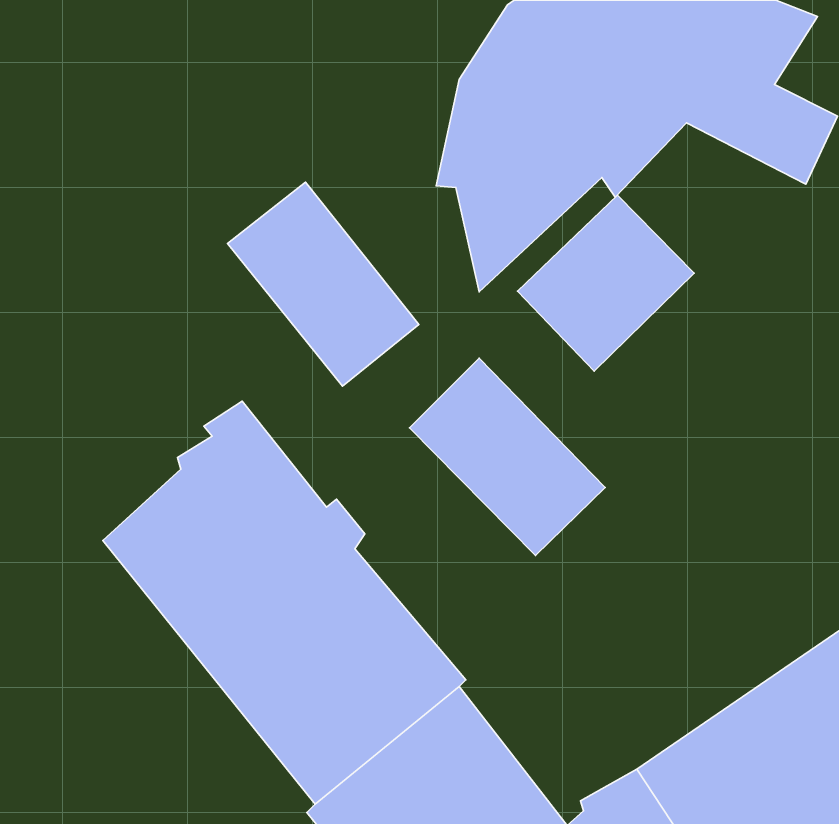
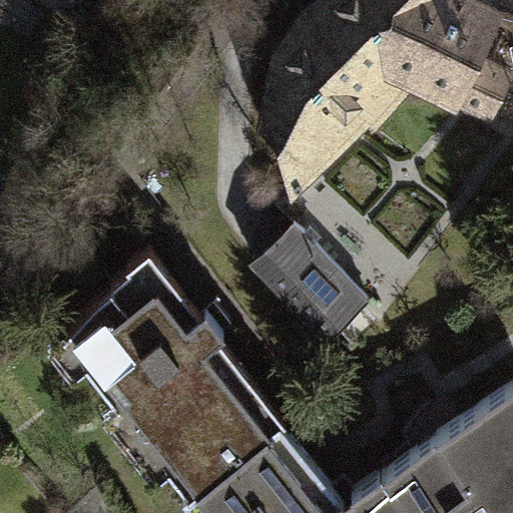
building: [227,182,419,386] -> none
building: [517,195,694,371] -> none

